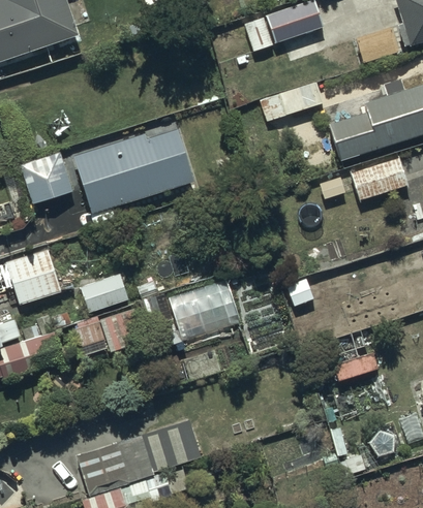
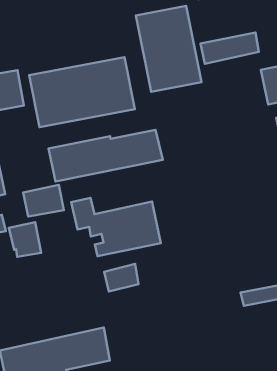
building: none -> [136,6,202,92]
building: none -> [48,130,163,182]

